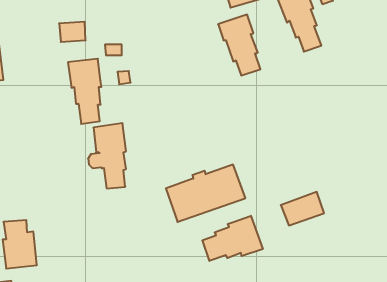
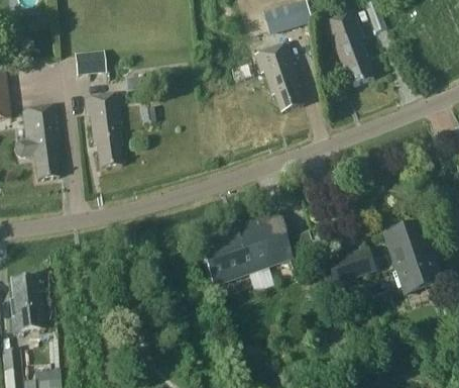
building: [88,123,126,188] -> [16,105,60,180]
building: none -> [388,225,443,294]
building: [202,216,263,261] -> none

